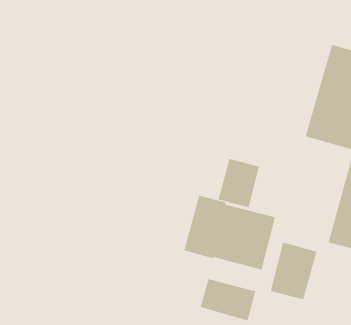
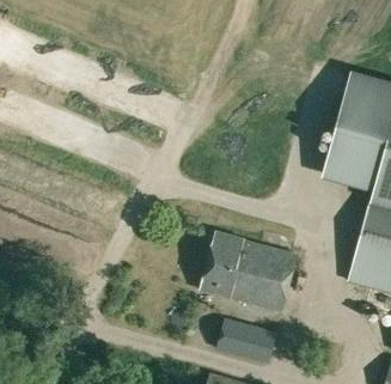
building: [218,158,259,208] -> none
building: [270,242,317,300] -> none

